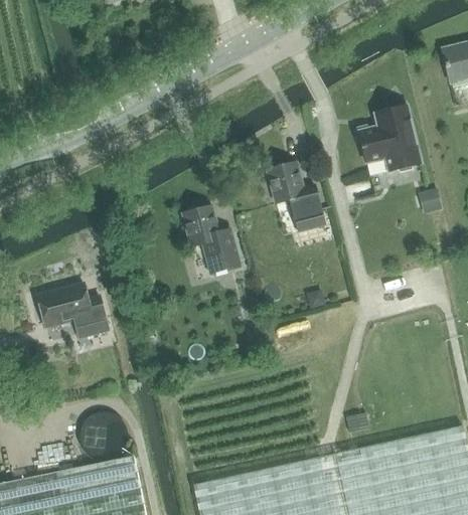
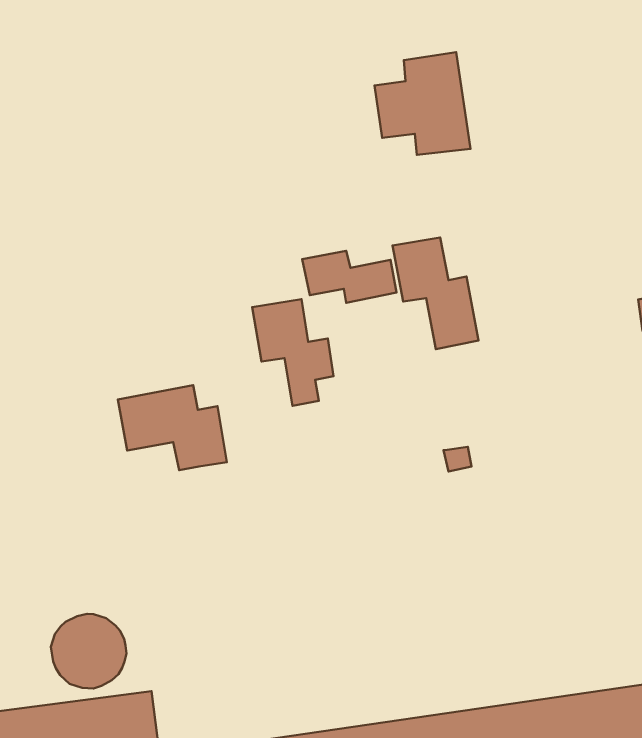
building: [352,96,415,161] -> [375,52,471,155]
building: none -> [302,251,397,303]
building: [36,284,107,337] -> [118,385,227,470]

